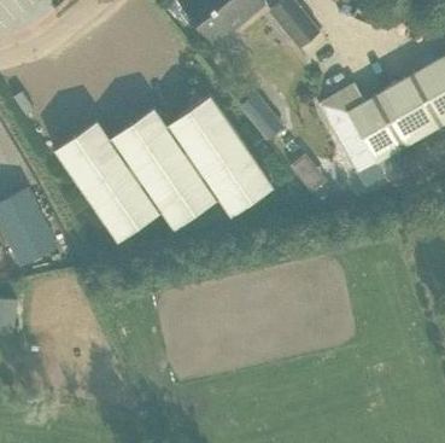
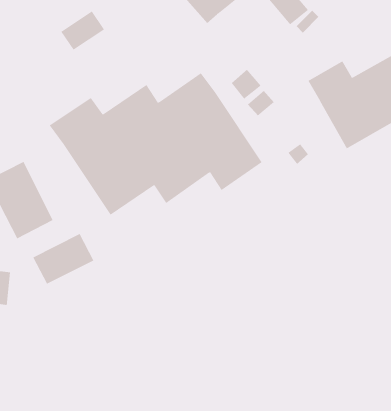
building: none -> [61,11,105,50]
building: none -> [32,233,94,285]

